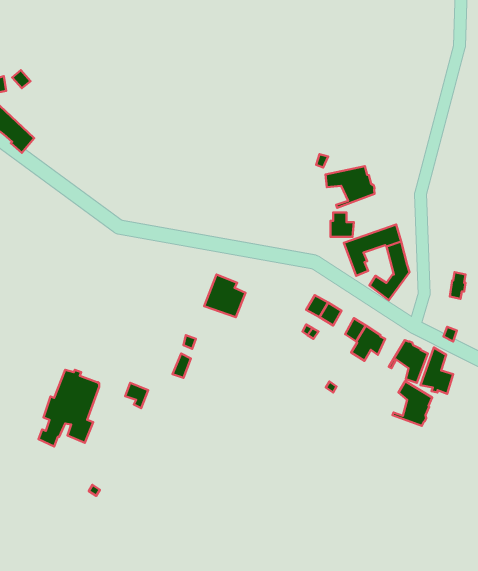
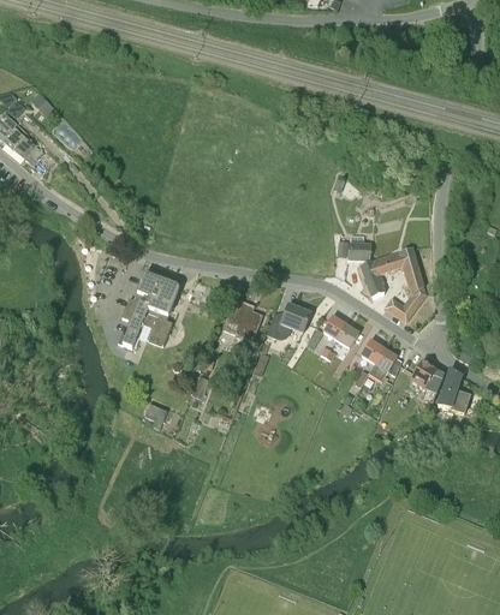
building: [326,166,375,208] -> none
building: none -> [266,303,310,339]
building: [38,370,99,447] -> [118,273,178,348]
building: [392,381,432,426] -> none

